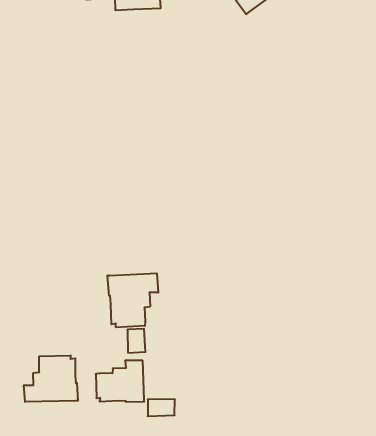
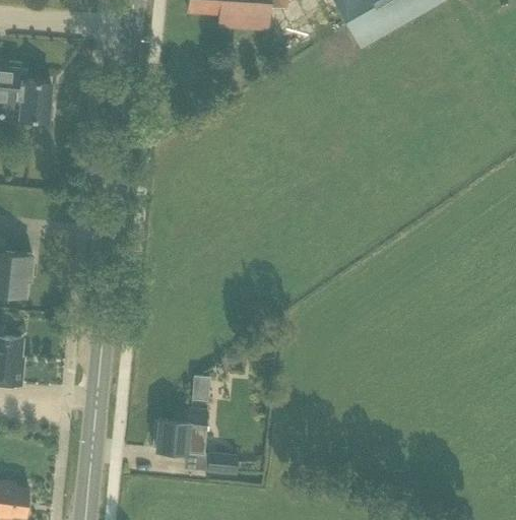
building: [107,273,158,327] -> none
building: [24,355,78,402] -> none

